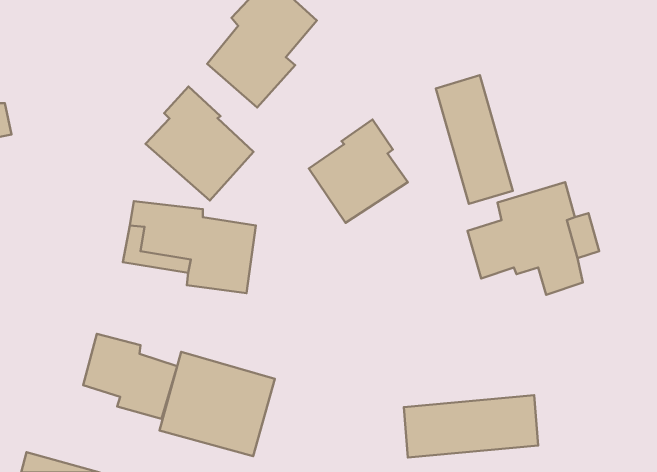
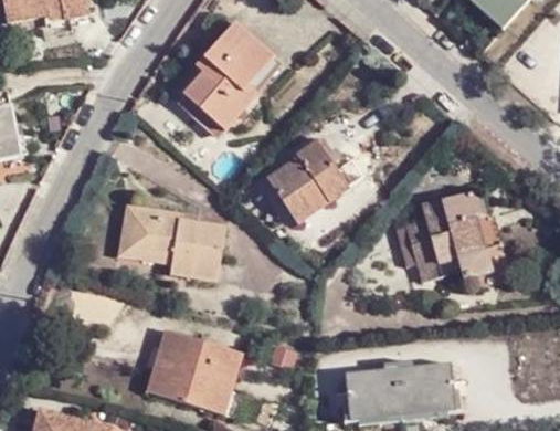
building: [436,75,513,204] -> none
building: [145,86,254,200] -> none
building: [83,334,177,419] -> none

